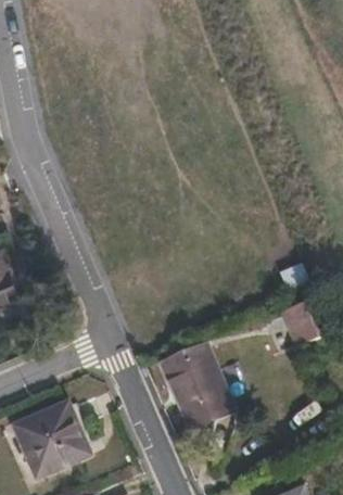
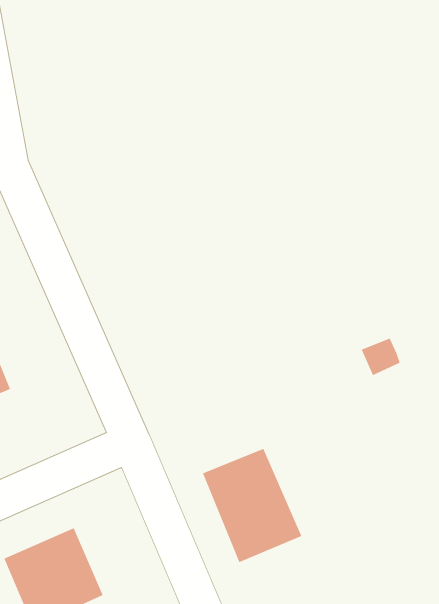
building: [280,302,319,345] -> none

